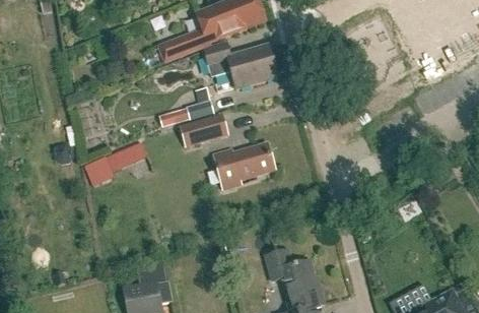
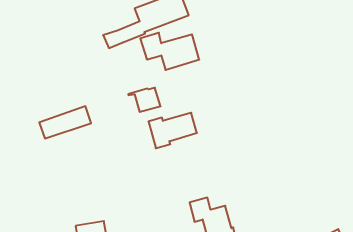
building: [158,86,213,127] -> none

